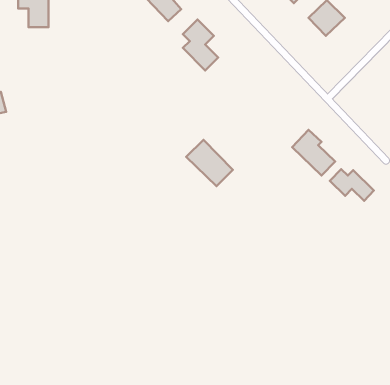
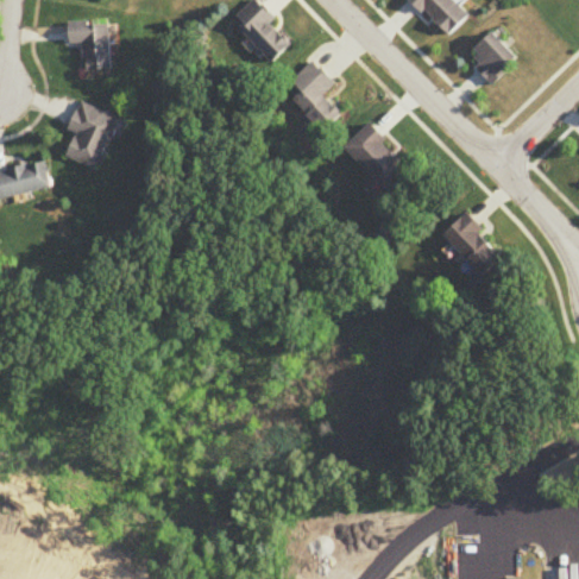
building: none -> [63,100,117,169]
building: [186,140,233,186] -> [344,122,408,187]
building: [330,169,374,201] -> none

